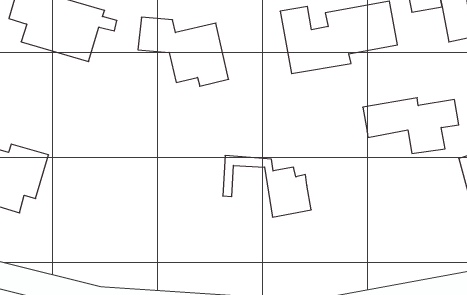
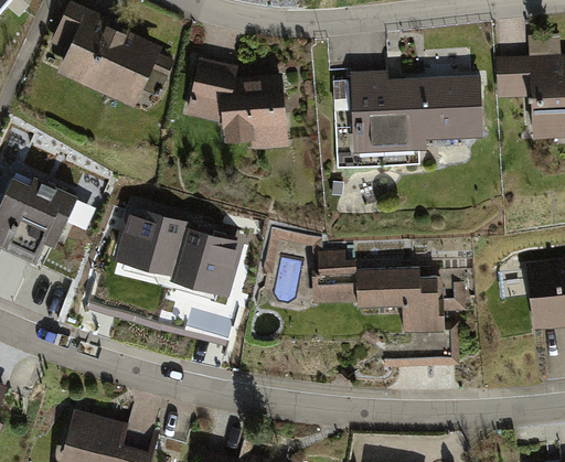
building: [363,98,459,153] -> [356,270,460,331]
building: none -> [113,206,244,299]

